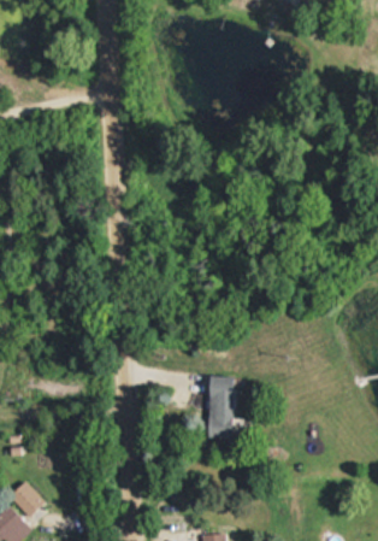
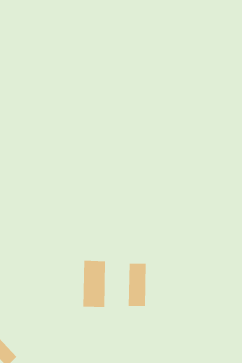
building: none -> [83,260,106,308]

